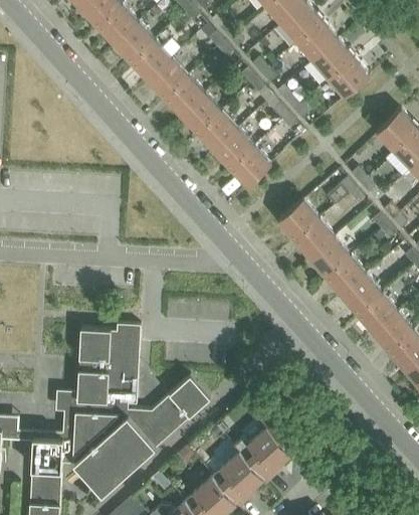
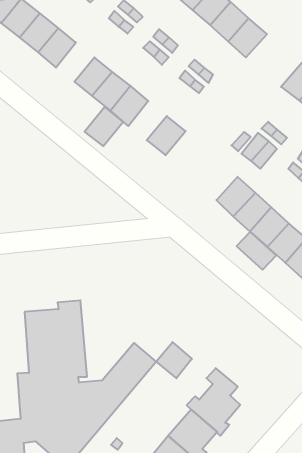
building: [148,59,189,100] -> none
building: [214,130,255,170] -> [85,107,123,146]
building: [277,200,320,241] -> none
building: none -> [237,232,276,270]
building: none -> [156,342,192,378]

